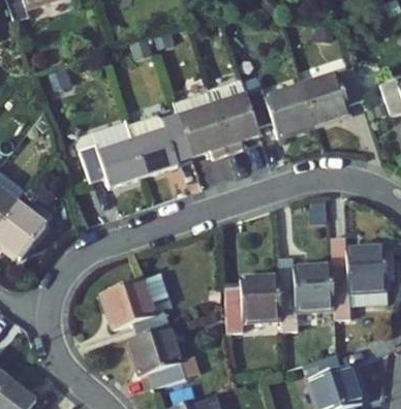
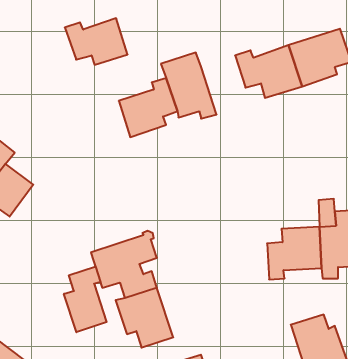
building: [208,81,259,154] -> none
building: [79,140,142,187] -> [65,18,128,65]
building: [225,276,281,333] -> none
building: none -> [64,267,107,332]

